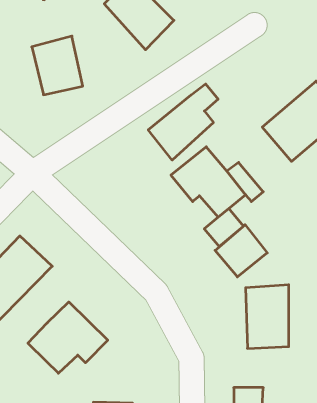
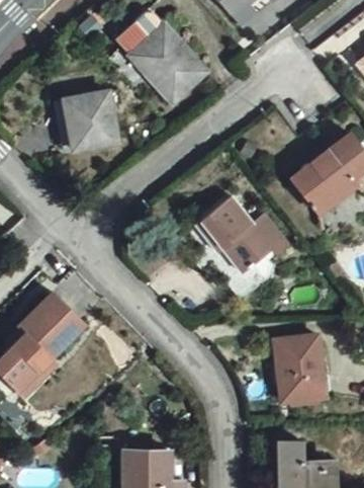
building: [148,84,218,160] -> none
building: [215,225,267,277] -> none
building: [28,302,108,373] -> none

